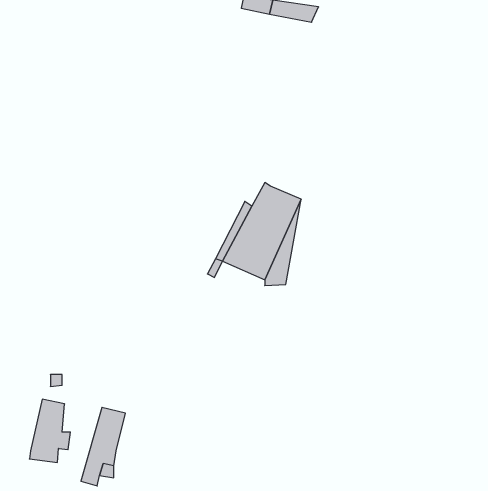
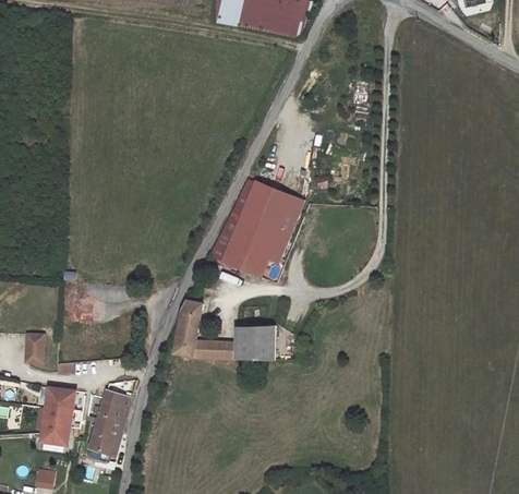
building: none -> [179,298,282,354]
building: none -> [21,336,39,362]

